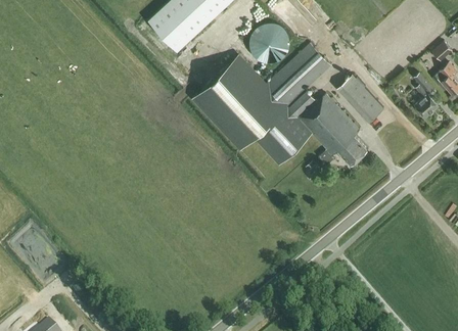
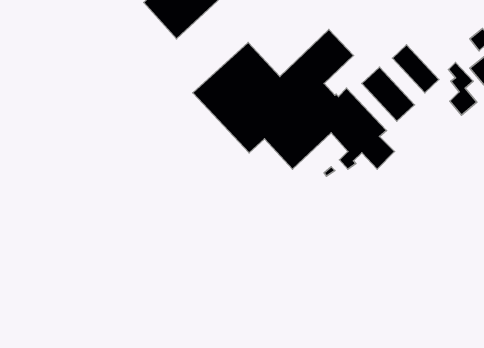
building: [249,21,289,62] -> none
building: none -> [392,45,439,93]

